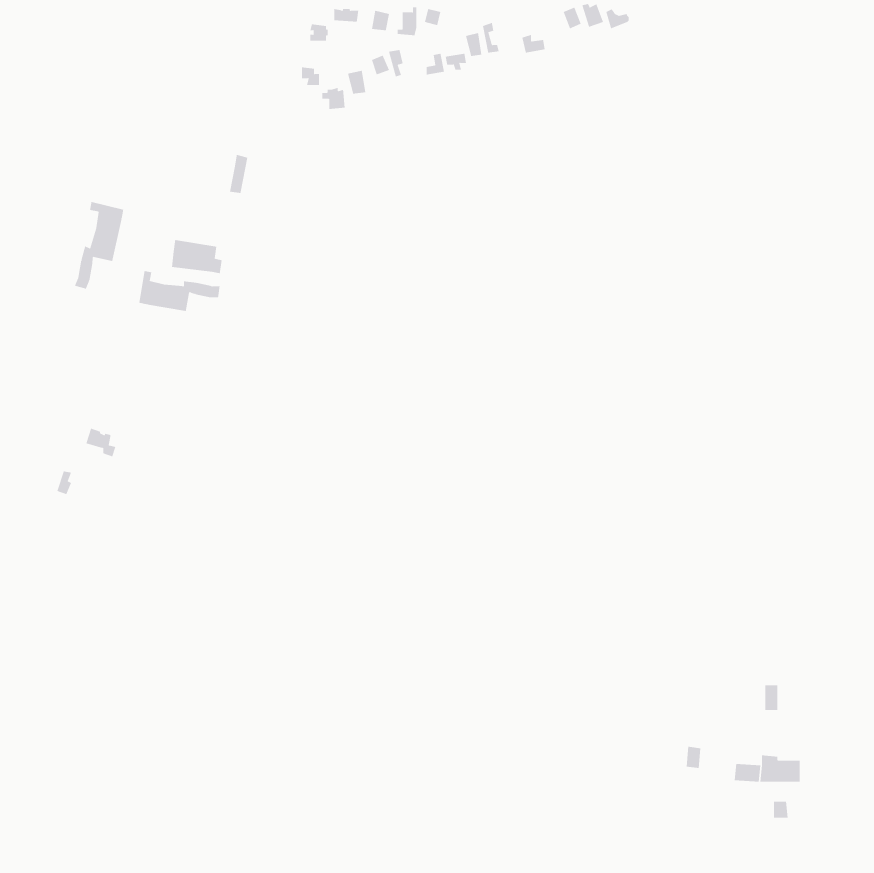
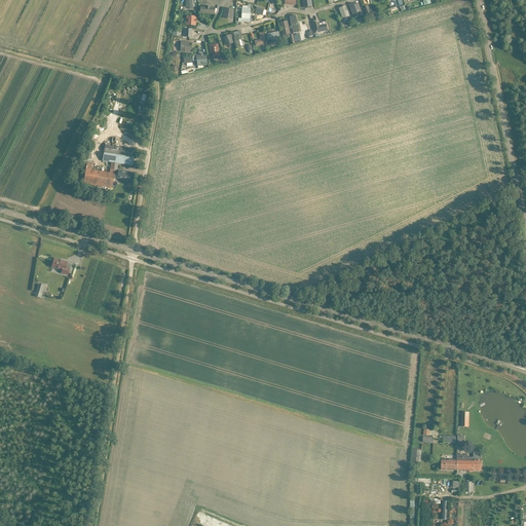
building: [74,201,124,289] -> none

